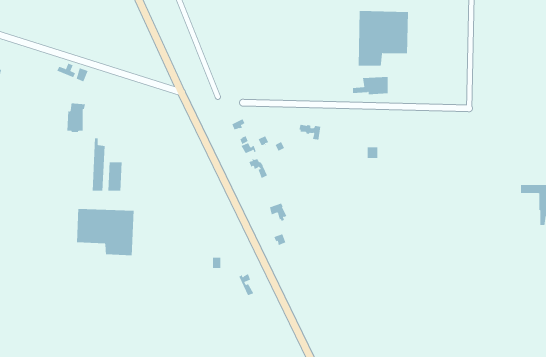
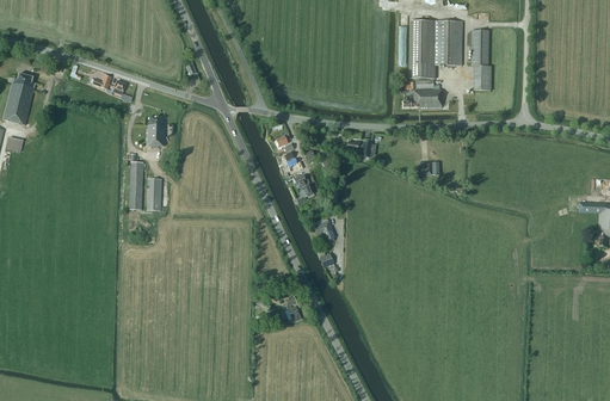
building: none -> [472,32,492,92]
building: [66,103,86,132] -> [146,116,166,147]
building: [77,208,134,256] -> none

